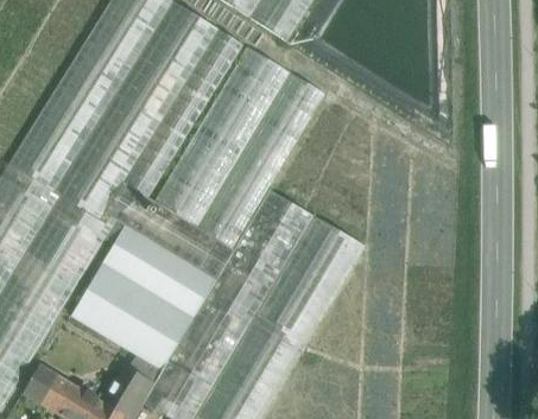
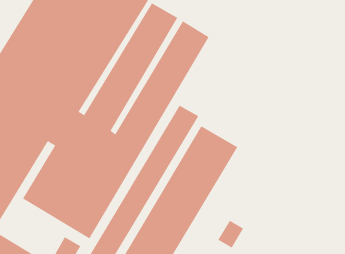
building: none -> [218,220,244,249]

